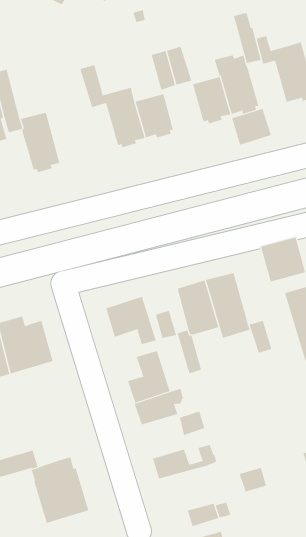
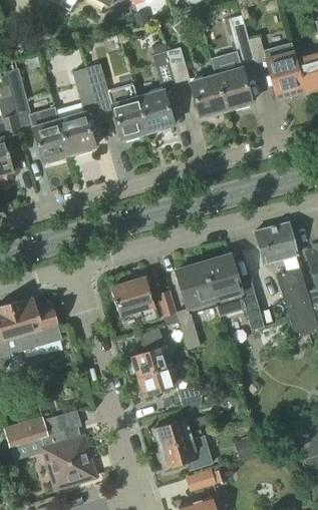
building: none -> [56,67,97,154]
building: [231,108,271,145] -> none
building: none -> [43,410,80,436]
building: none -> [160,435,212,469]

